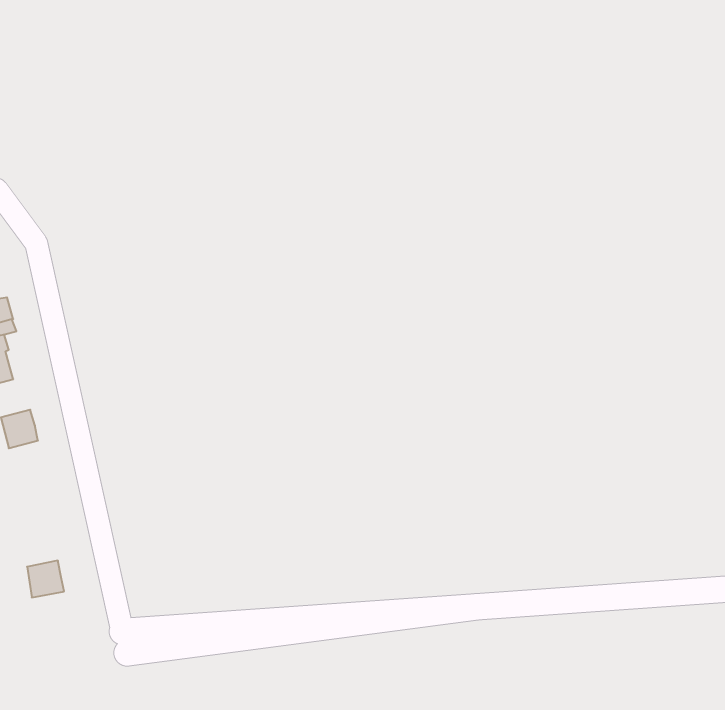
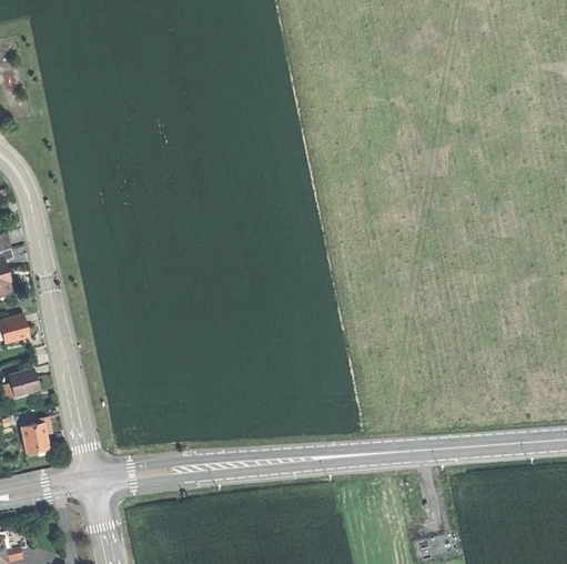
building: none -> [9,369,39,396]

